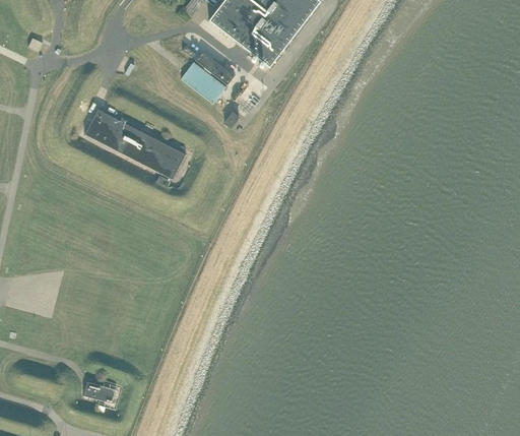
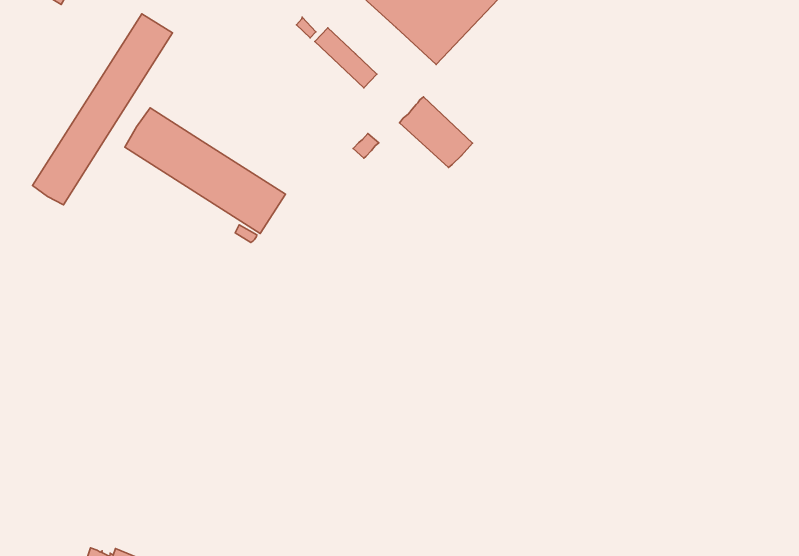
building: none -> [33,14,173,205]
building: [180,61,225,103] -> [399,97,473,168]

